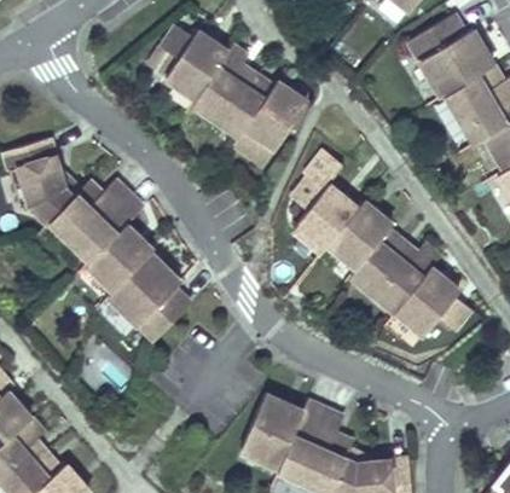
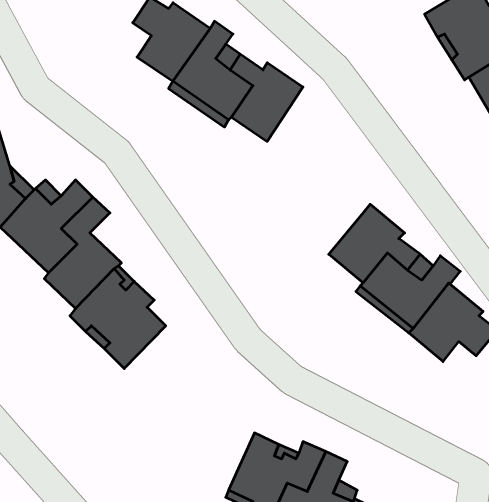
building: [291,176,357,250] -> none

